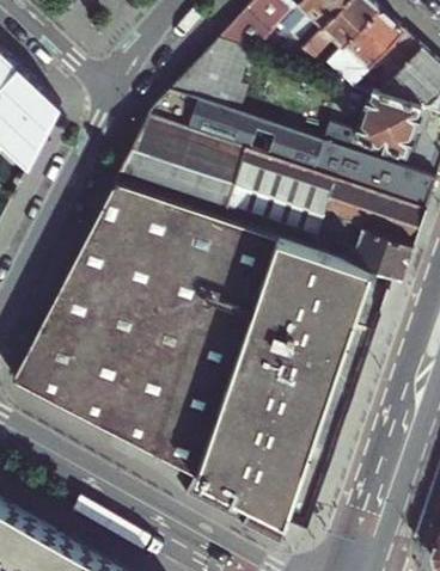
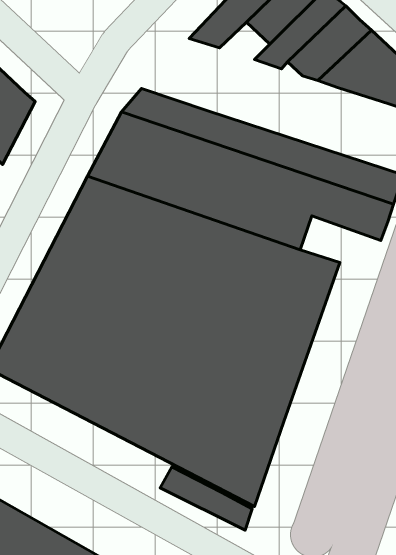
building: [170,42,250,116] -> none
building: [355,92,423,156] -> none
building: [332,223,415,282] -> none

